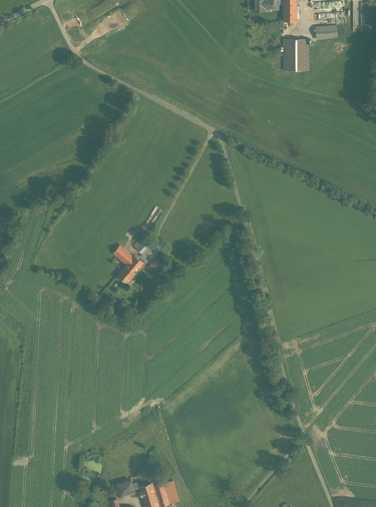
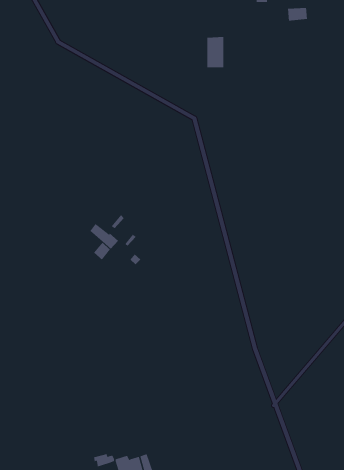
building: [282,38,300,70] -> [207,36,224,68]

